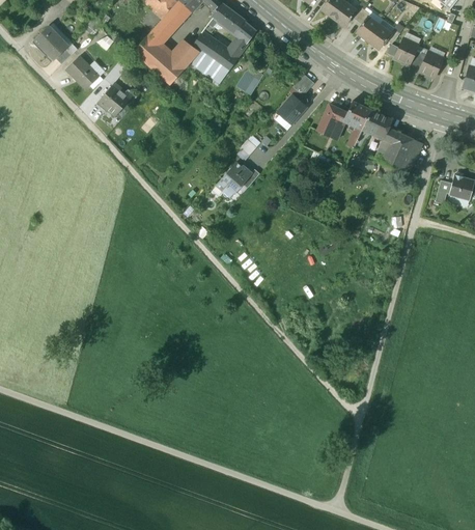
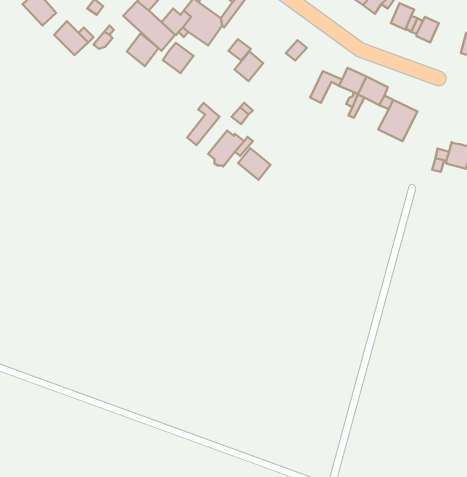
building: none -> [163,43,194,73]
building: [99,83,130,115] -> [127,33,159,66]
building: [278,94,306,123] -> [235,51,263,81]
building: none -> [187,103,220,145]
building: none -> [238,148,271,180]

